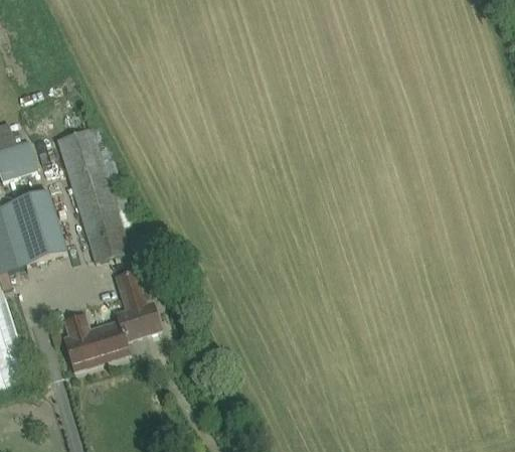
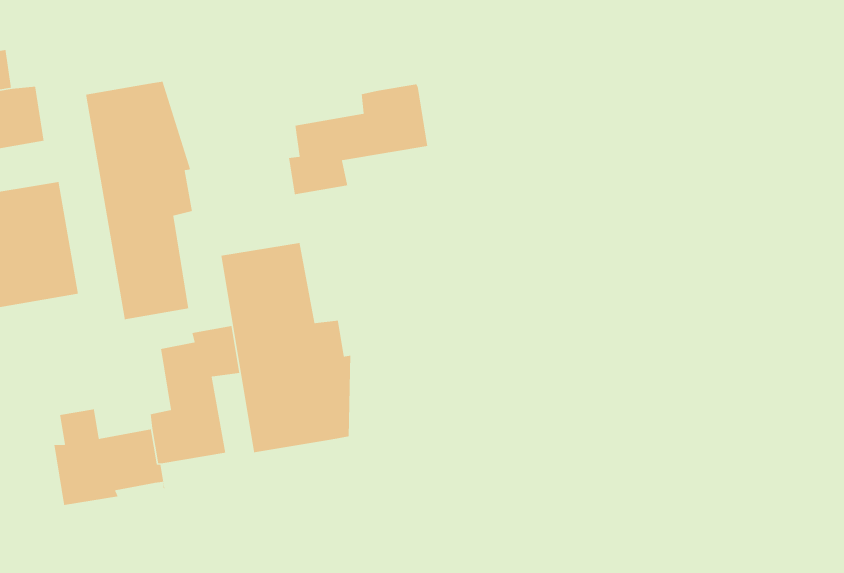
building: none -> [288,84,428,195]
building: none -> [220,242,351,453]

